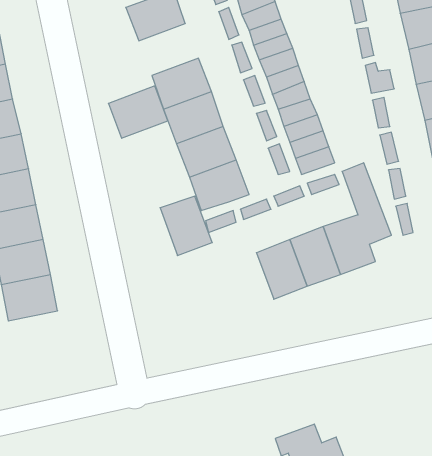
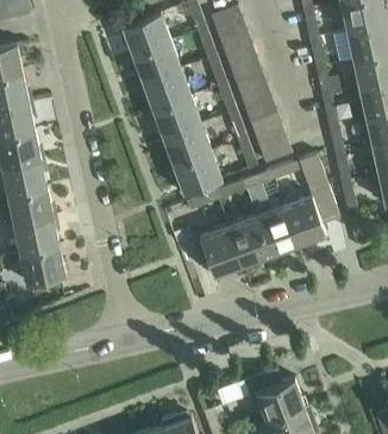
building: [108,86,168,138] -> [131,39,180,82]
building: [160,196,212,256] -> [199,227,242,276]

